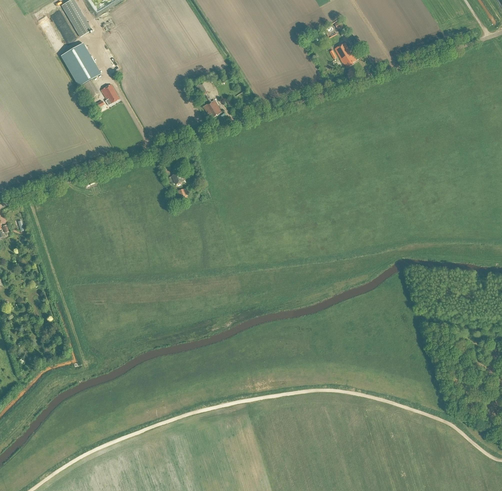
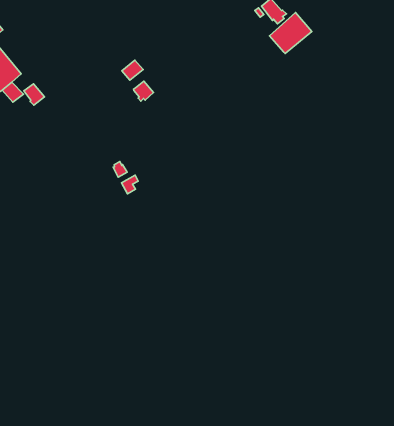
building: none -> [270,13,312,54]

